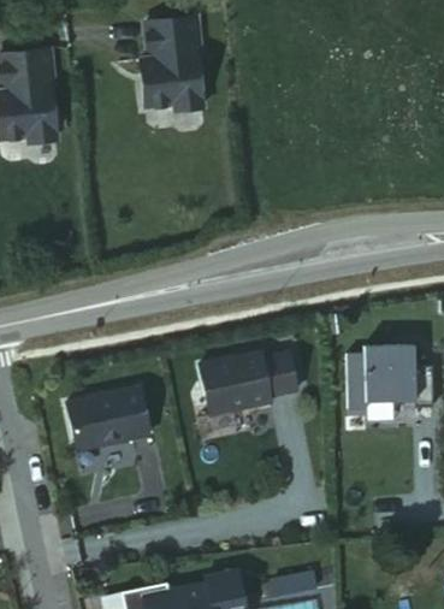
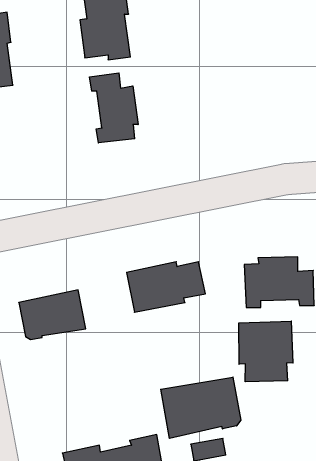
building: none -> [90,73,138,143]
building: none -> [239,321,293,382]
building: none -> [161,377,241,438]

